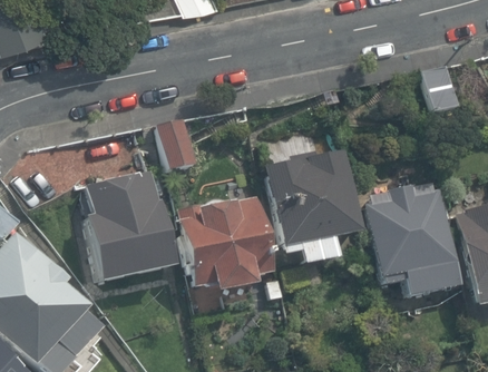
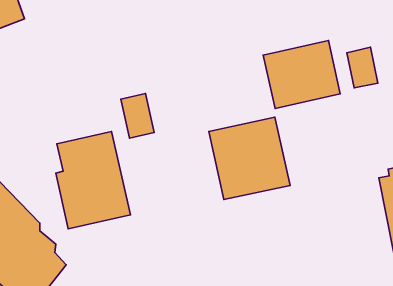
building: none -> [263,40,340,109]
building: [361,182,461,300] -> none
building: [176,195,266,290] -> none

